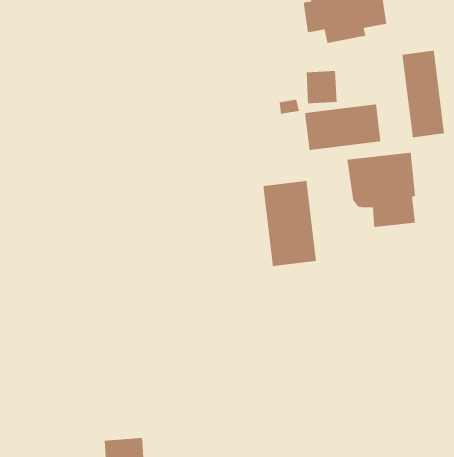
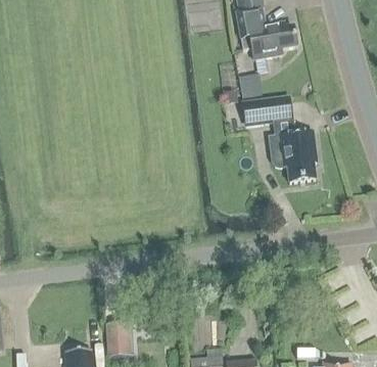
building: [402,50,445,138] -> none
building: [263,180,316,267] -> none

